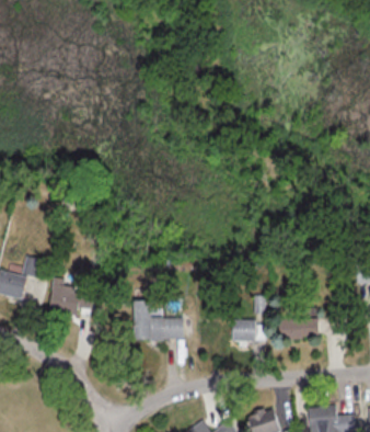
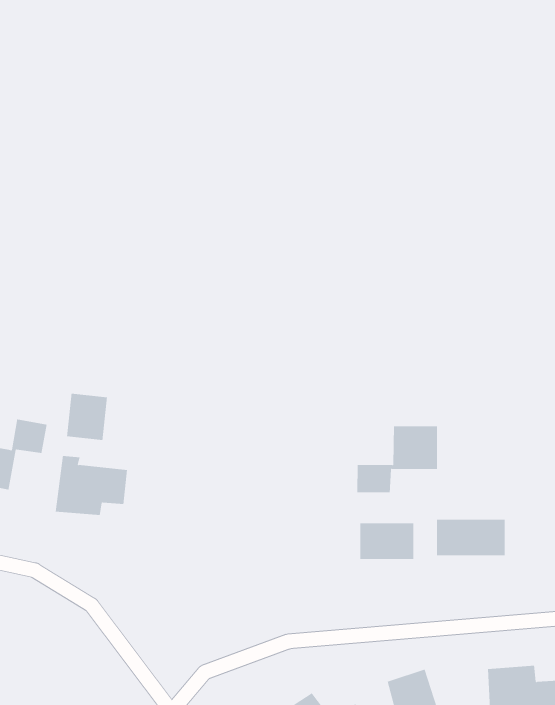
building: none -> [67,393,107,441]
building: none -> [357,425,438,493]
building: [131,300,184,339] -> none

